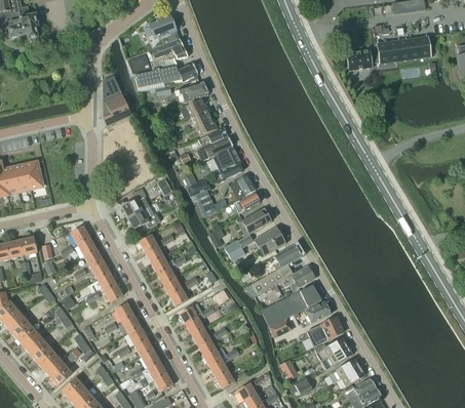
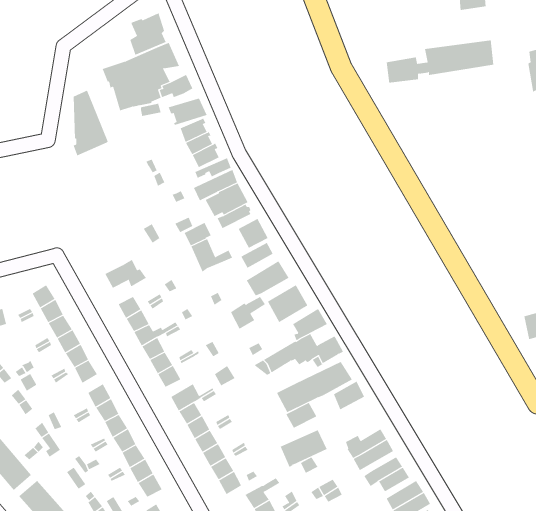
building: [121,188,149,217] -> none
building: [306,317,343,346] -> [280,429,327,468]

